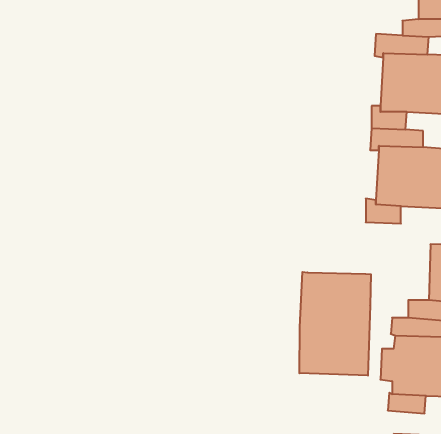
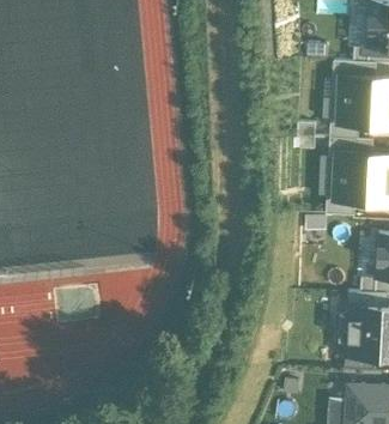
building: [299,272,371,376] -> none

